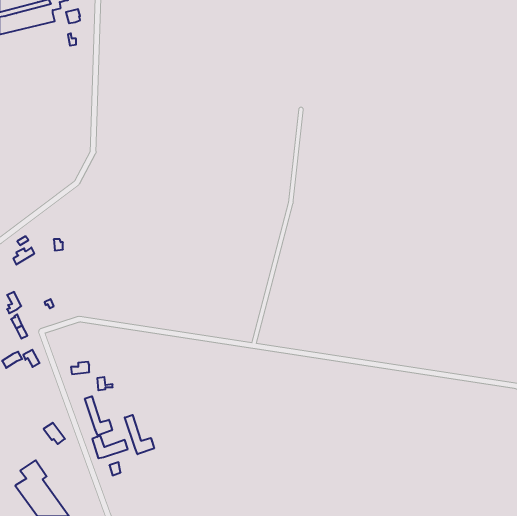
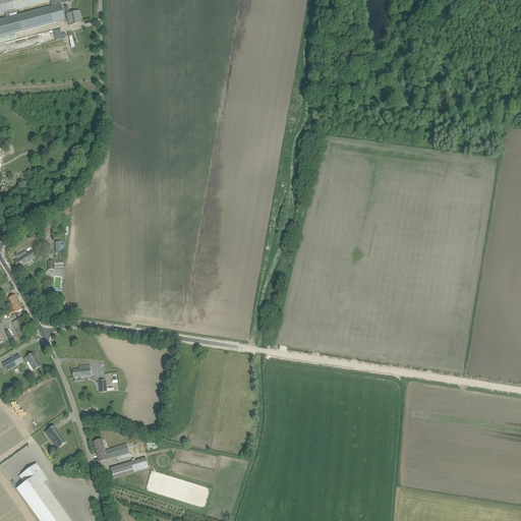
building: [85,396,112,435] -> none
building: [125,415,154,454] -> none

